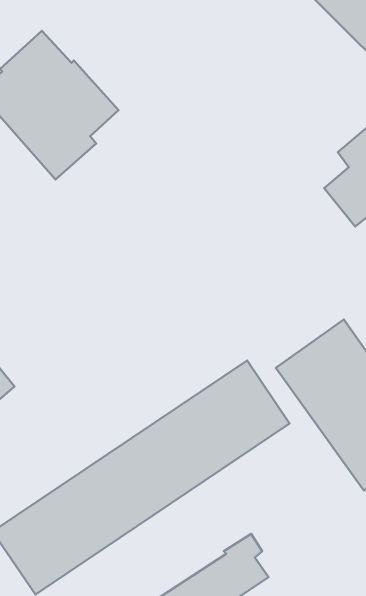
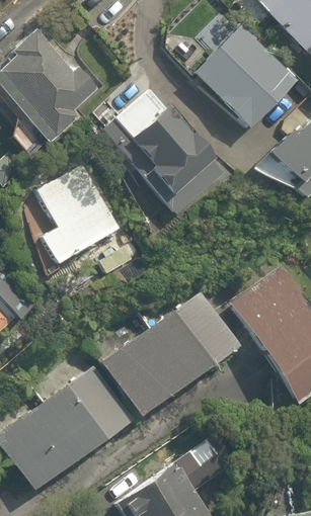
building: none -> [161,25,290,130]
building: none -> [101,87,229,221]
building: none -> [35,161,125,267]

